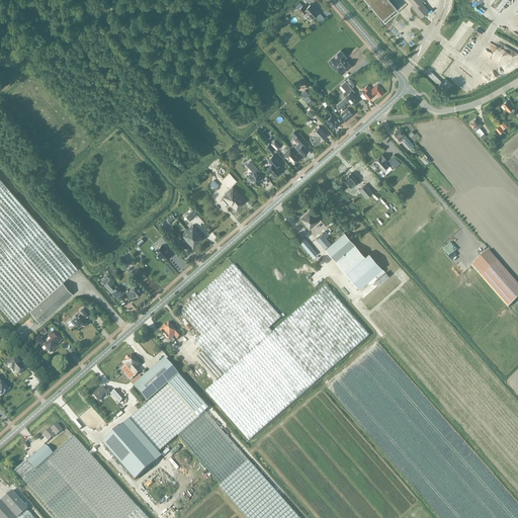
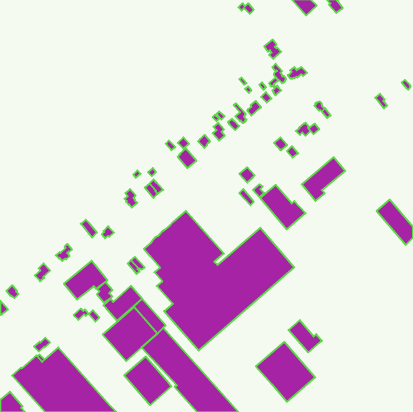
building: none -> [302,157,345,201]
building: none -> [64,261,107,300]
building: none -> [288,320,322,352]
building: [102,419,161,480] -> [124,357,171,405]
building: none -> [256,342,315,402]

